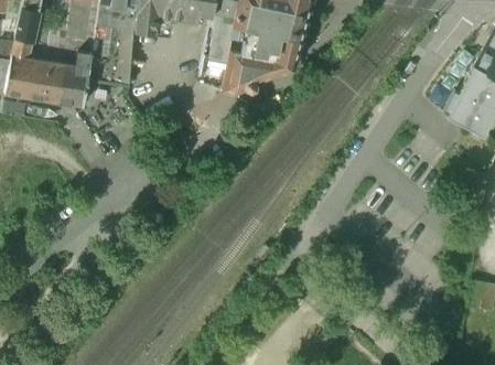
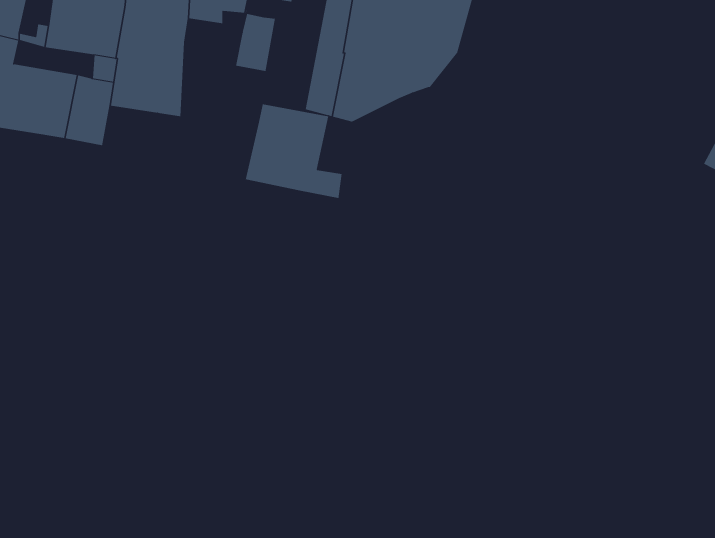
building: none -> [236,13,276,72]
building: none -> [245,104,342,199]

